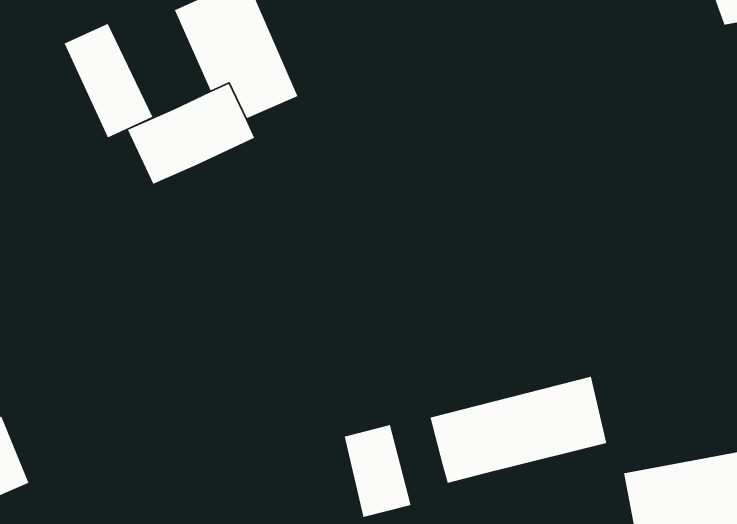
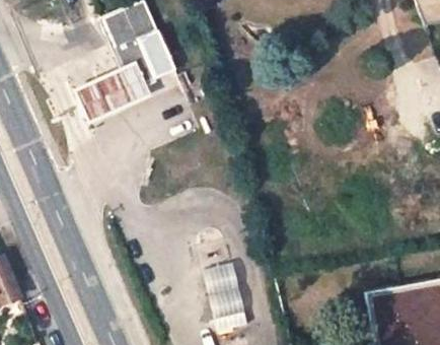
building: [64,23,153,139] -> none
building: [429,376,607,484] -> none

